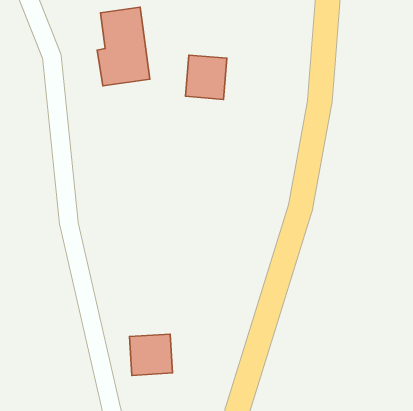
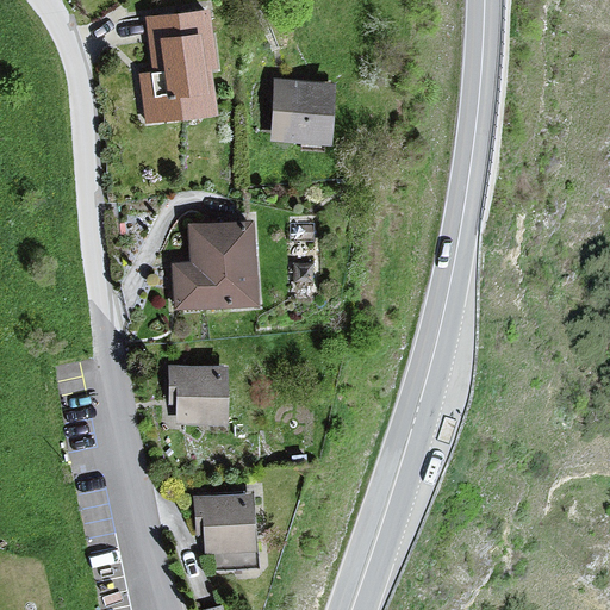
building: none -> [176,219,255,303]
building: none -> [167,366,228,424]

